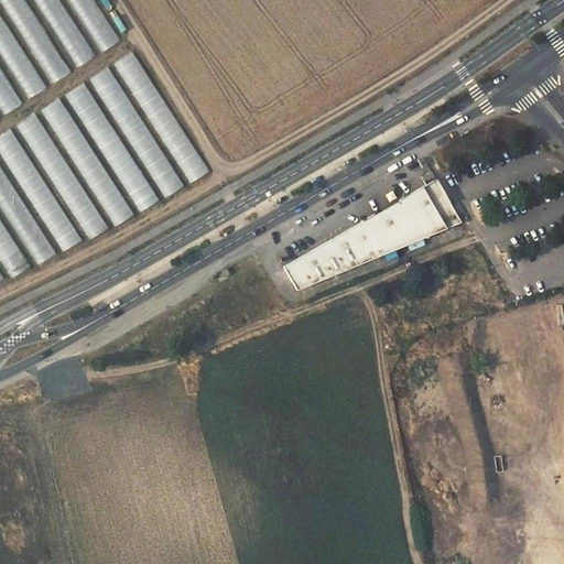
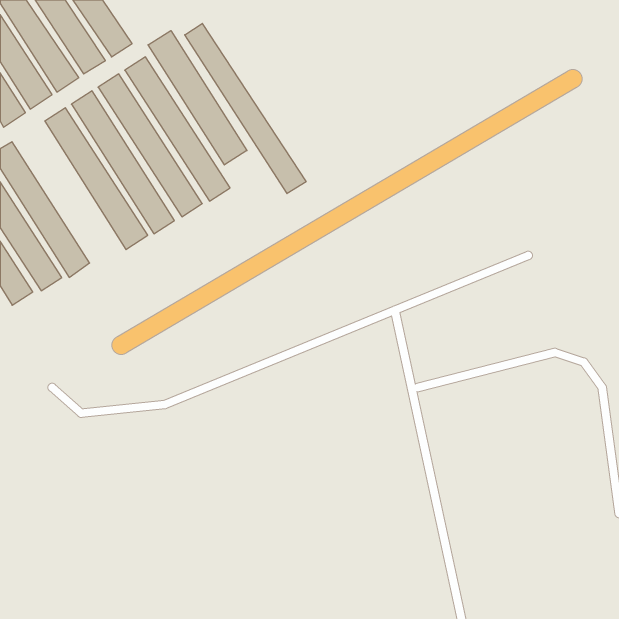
building: none -> [185,23,306,194]
building: none -> [148,31,247,165]
building: [17,113,108,240] -> none
building: [283,164,459,290] -> none

